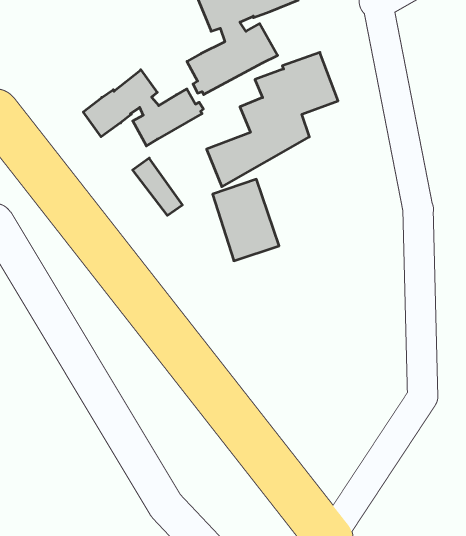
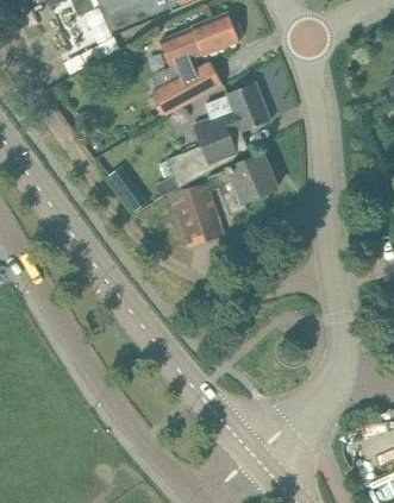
building: [83,70,203,146] -> none
building: none -> [207,153,275,215]

